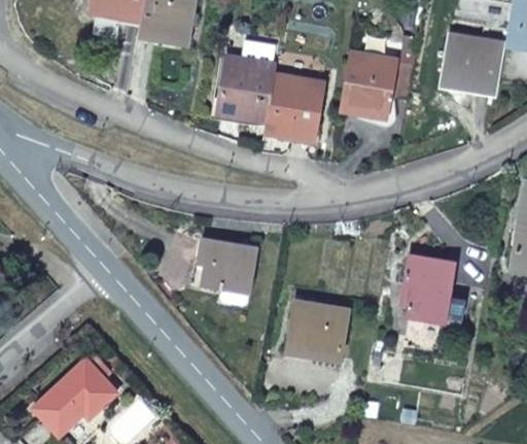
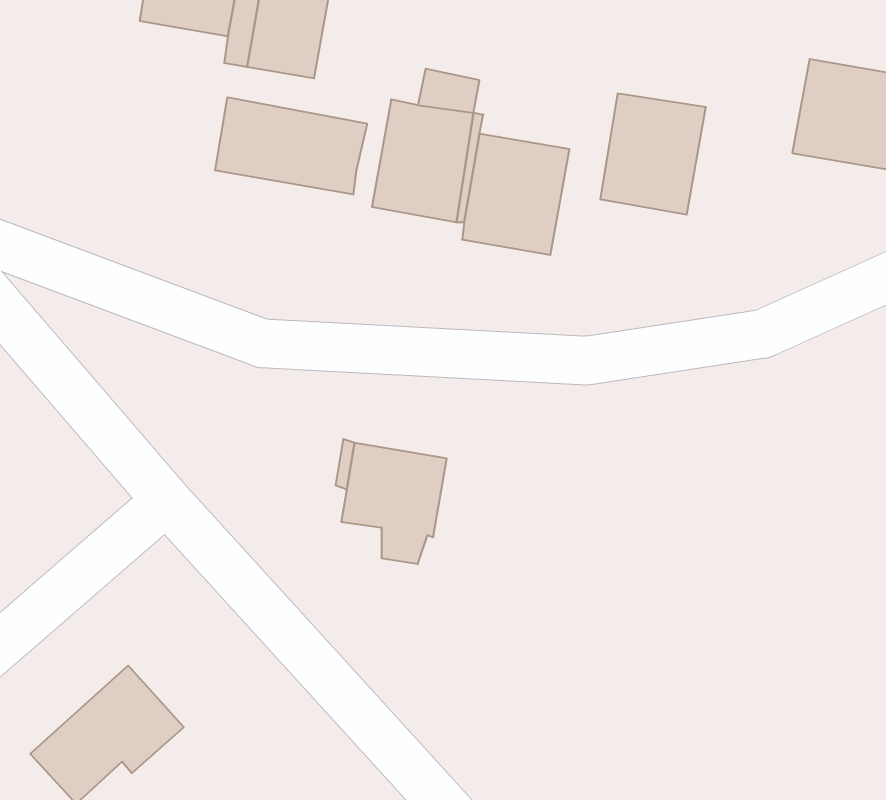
building: none -> [215,97,367,195]
building: [405,254,464,332] -> none
building: [287,301,348,358] -> none

